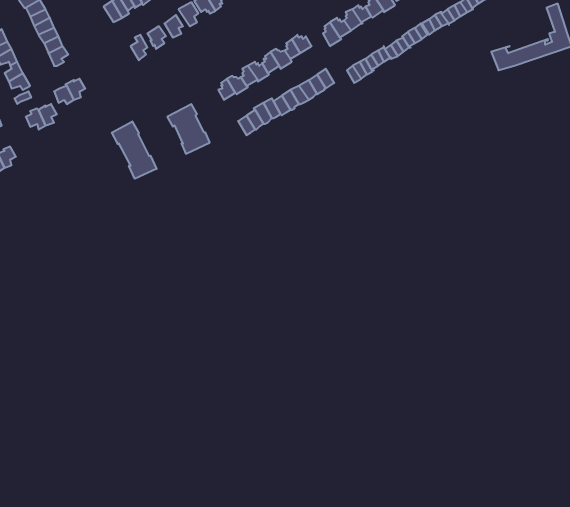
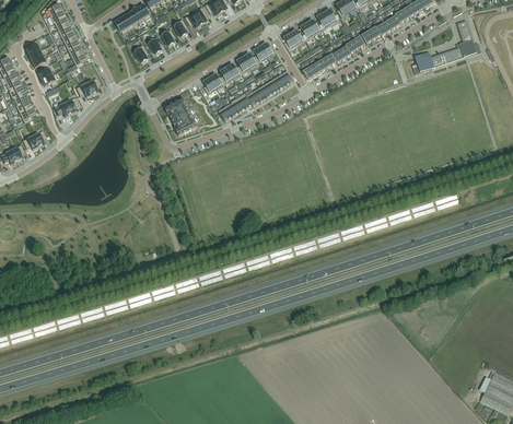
building: [112,121,157,179] -> none

